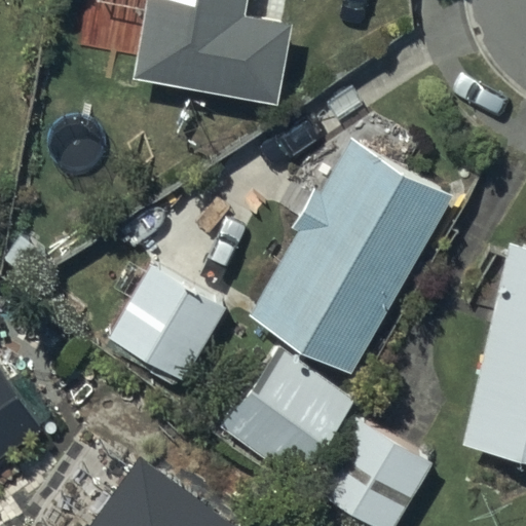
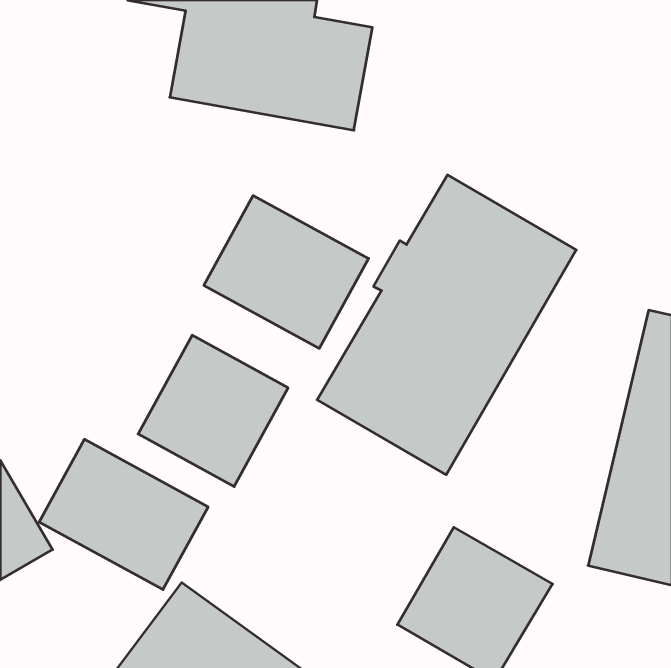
building: none -> [204,196,369,348]
building: none -> [39,439,208,590]
building: [222,347,358,484] -> none

